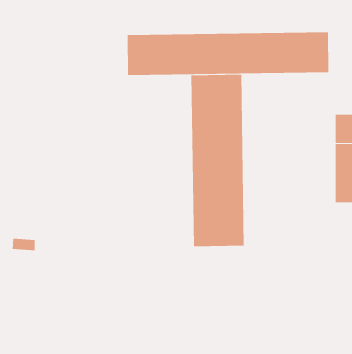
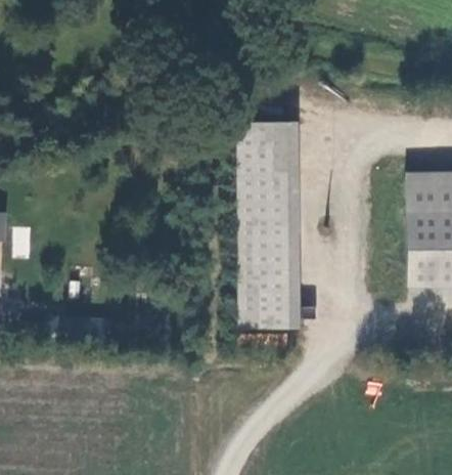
building: [127,32,329,76] -> none

